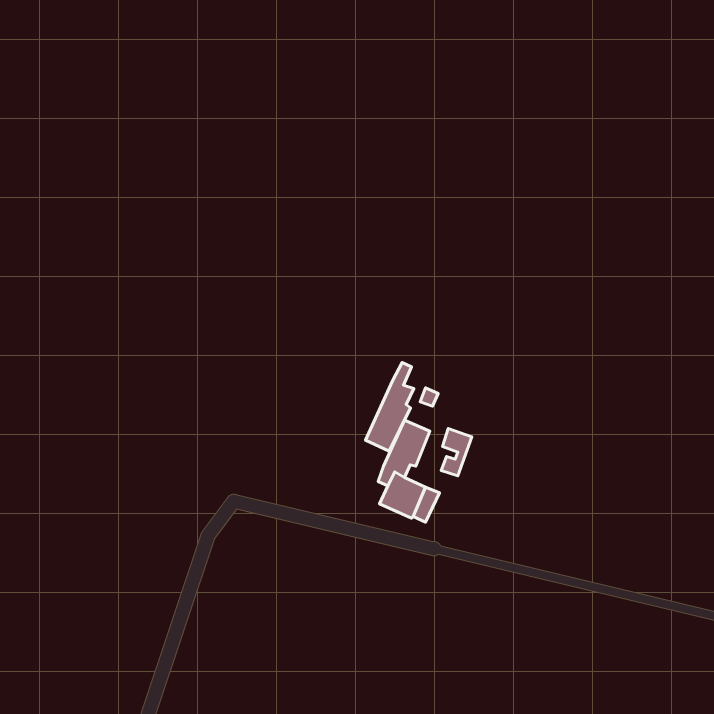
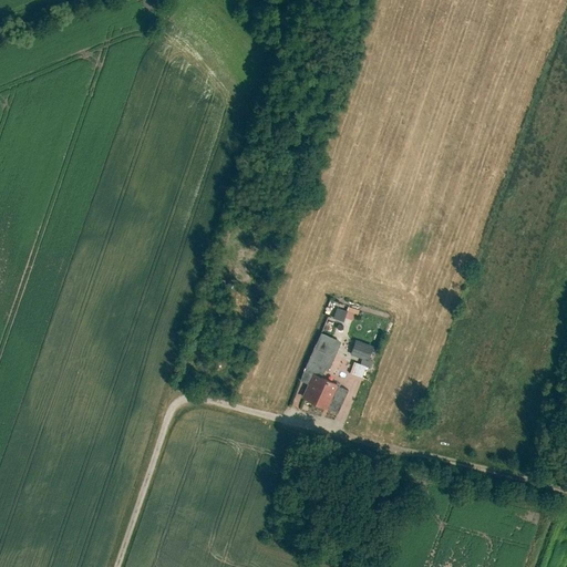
building: [366,362,414,451] -> none

